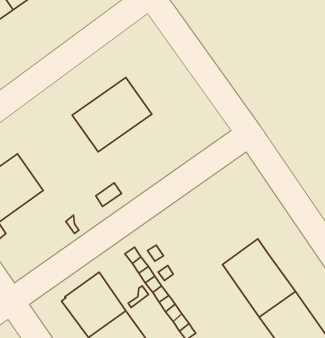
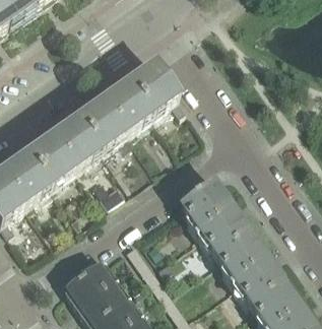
building: none -> [126,60,183,113]
building: none -> [23,114,100,185]
building: none -> [182,181,251,255]

